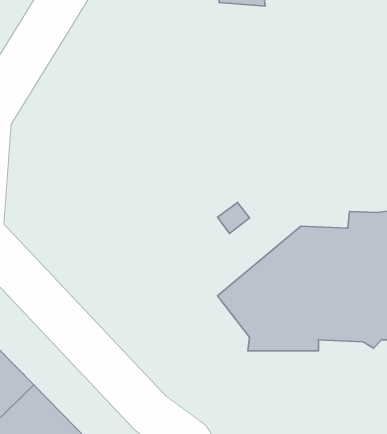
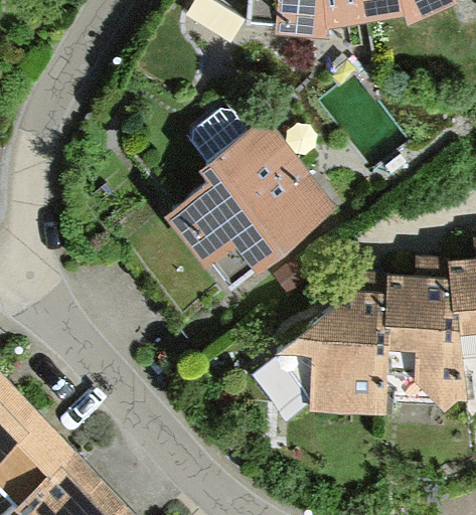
building: none -> [171,102,335,279]

